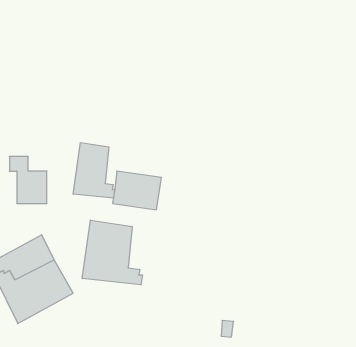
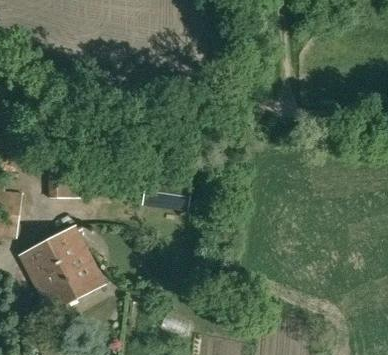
building: [73,143,115,198] -> none
building: [82,220,142,285] -> none

